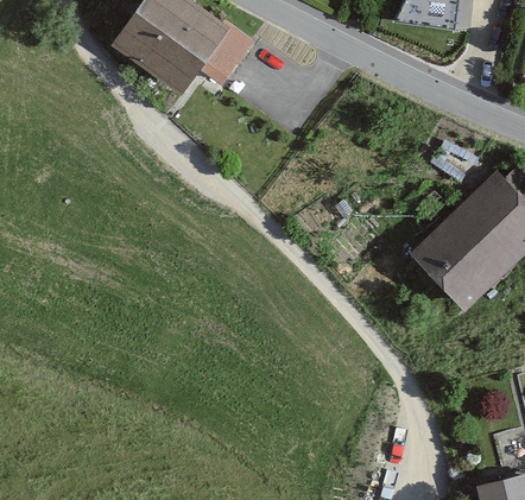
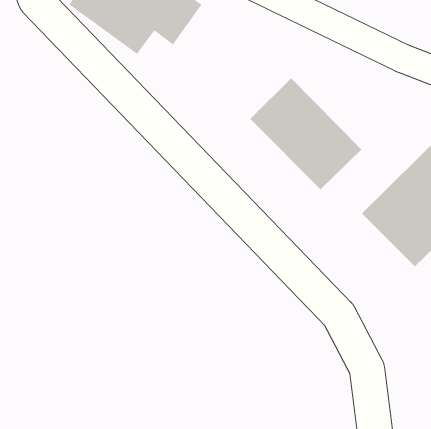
building: none -> [249,78,362,190]

